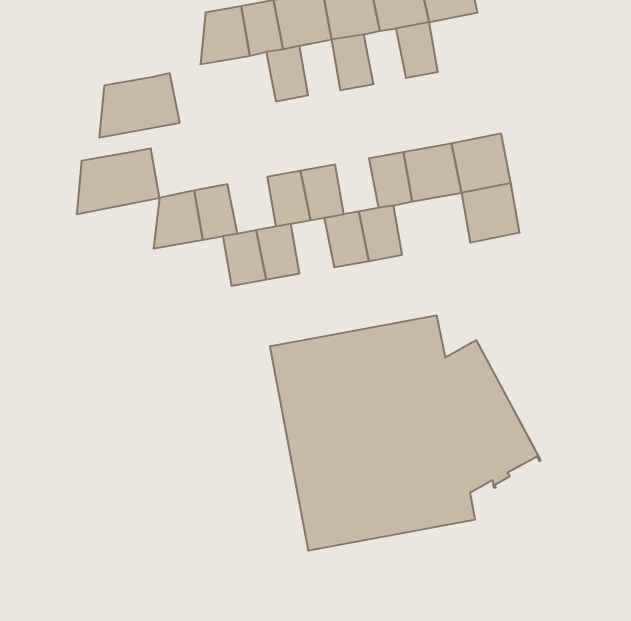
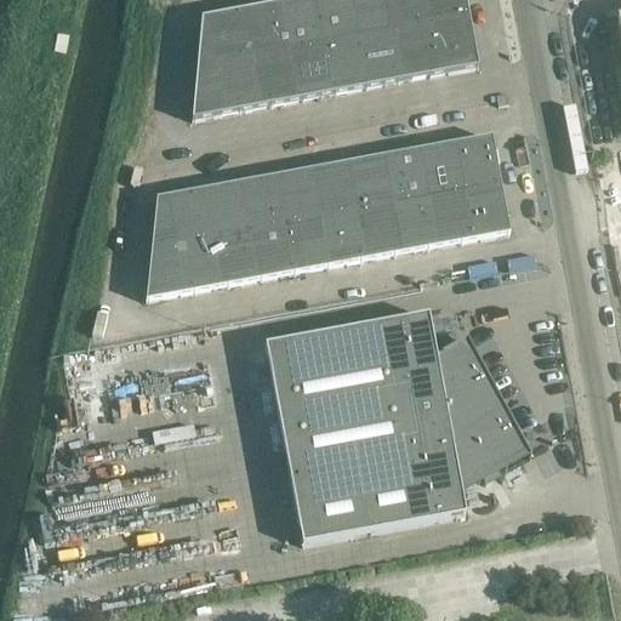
building: none -> [422,12,479,70]
building: none -> [358,28,399,82]
building: none -> [295,39,335,93]
building: [99,73,180,138] -> [193,51,272,114]
building: [77,148,160,214] -> [147,232,228,296]
building: none -> [330,155,372,210]
building: none -> [224,173,272,229]
building: none -> [387,189,462,250]
building: none -> [286,213,329,268]

